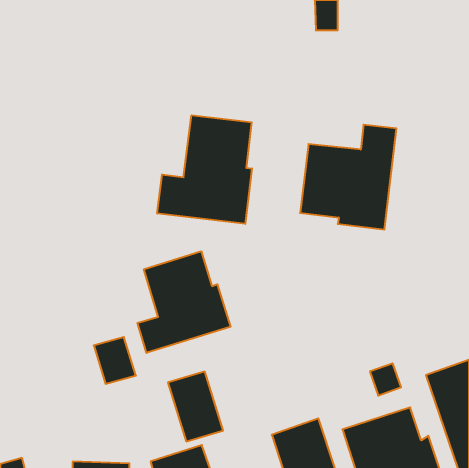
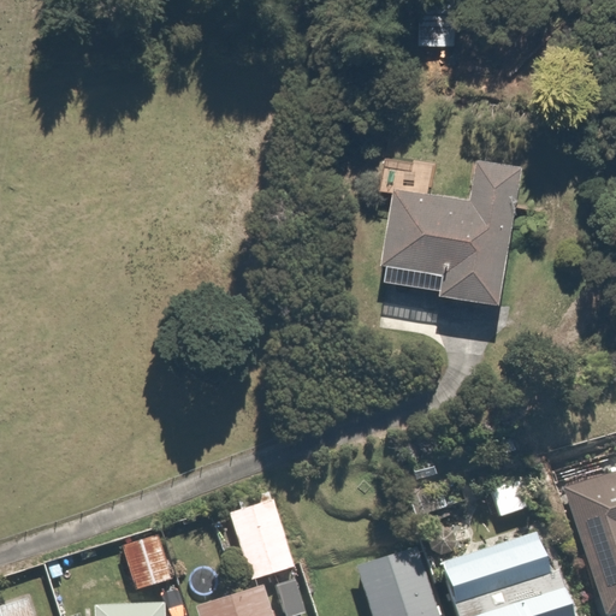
building: [157,115,252,224] -> none
building: [137,251,231,353] -> none
building: [94,337,136,384] -> [112,533,167,594]

